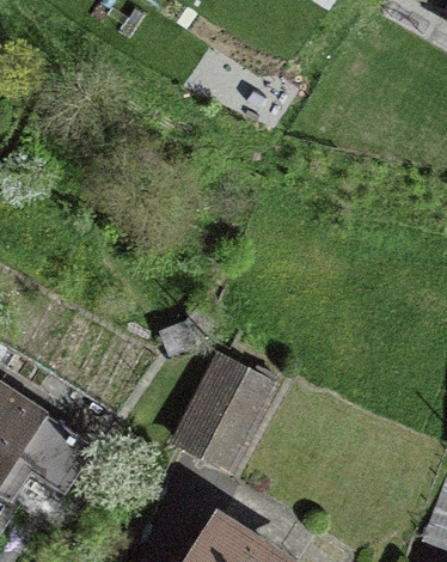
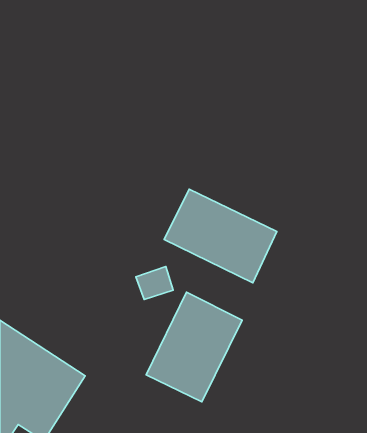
building: none -> [164,189,277,283]

